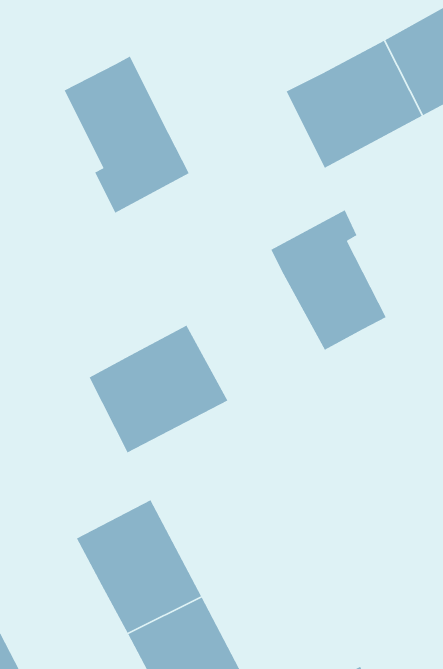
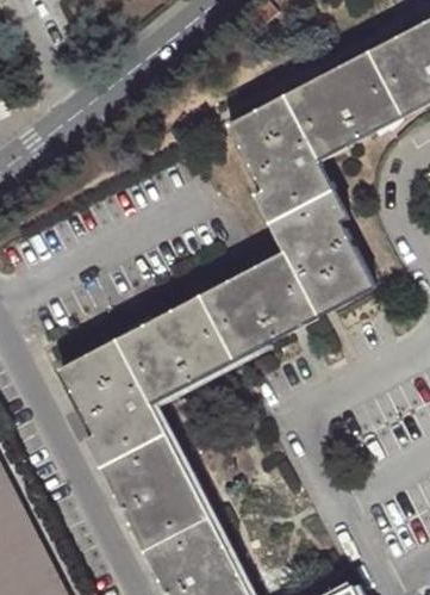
building: [64,55,190,214] -> [230,94,338,230]
building: none -> [202,252,320,360]
building: none -> [63,340,172,478]

